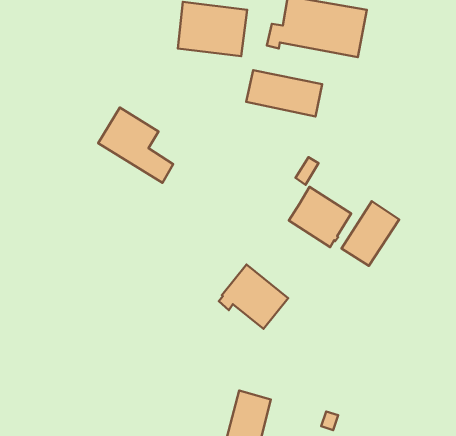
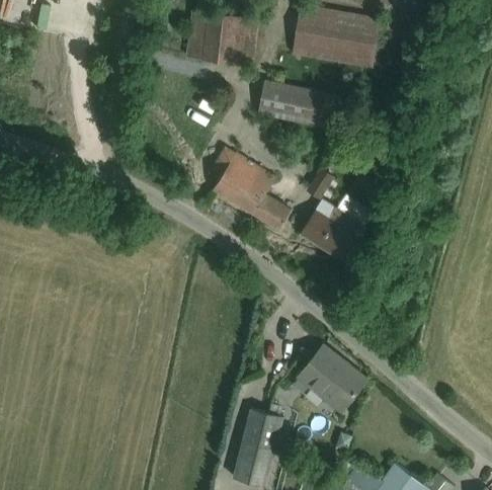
building: [98,108,173,183] -> [213,153,290,230]
building: [341,201,399,266] -> none
building: [219,265,288,329] -> [295,345,365,411]

